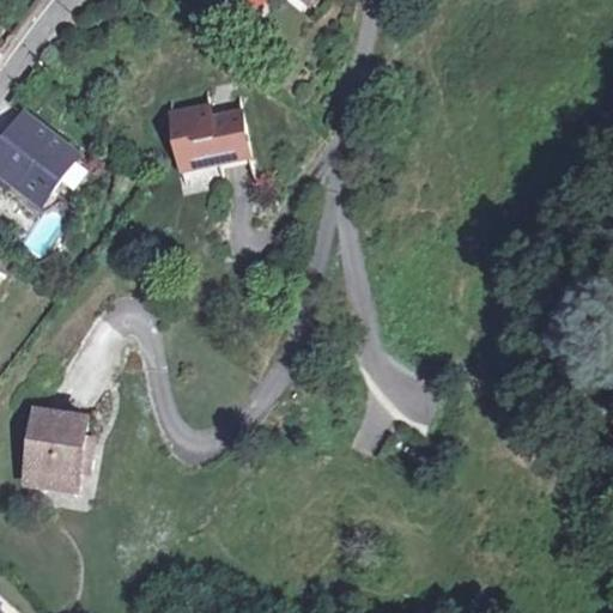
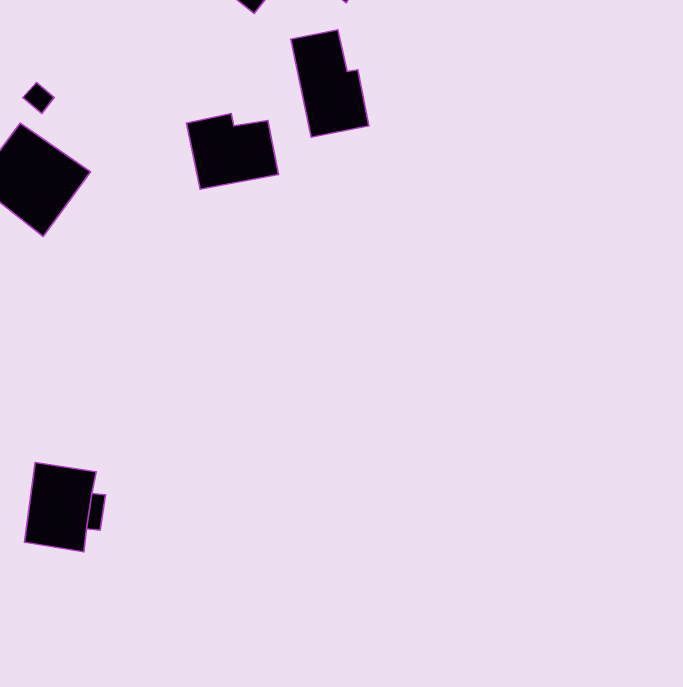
building: none -> [291,30,369,137]

